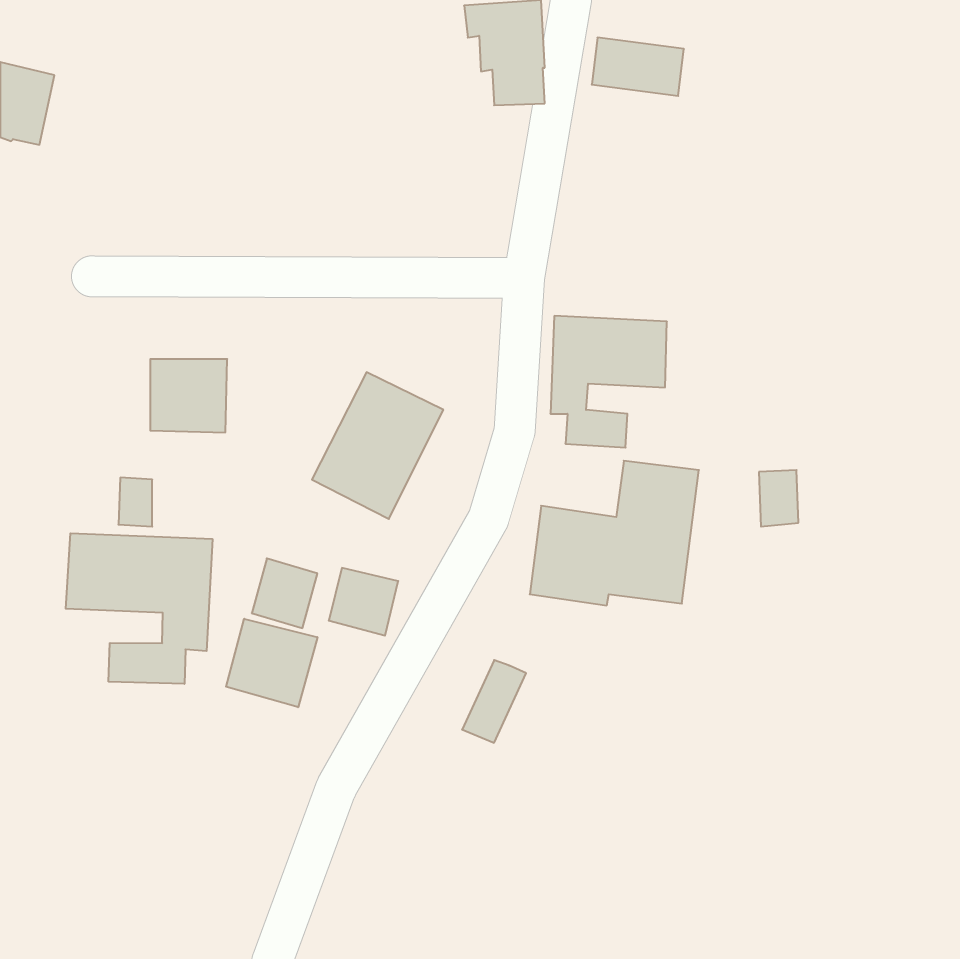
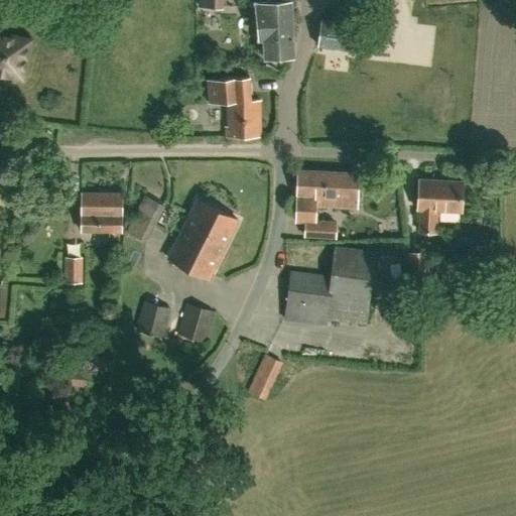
building: none -> [207,78,260,137]
building: none -> [417,179,463,234]
building: none -> [126,197,164,243]
building: [66,533,212,684] -> none
building: [226,619,317,707] -> none

